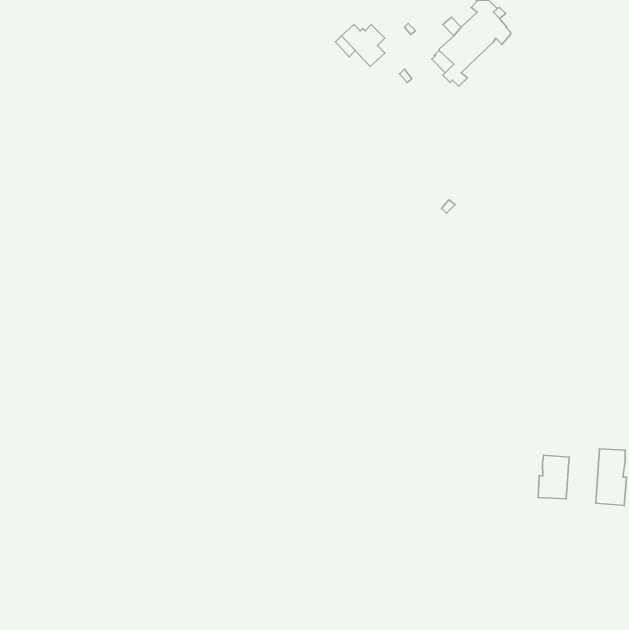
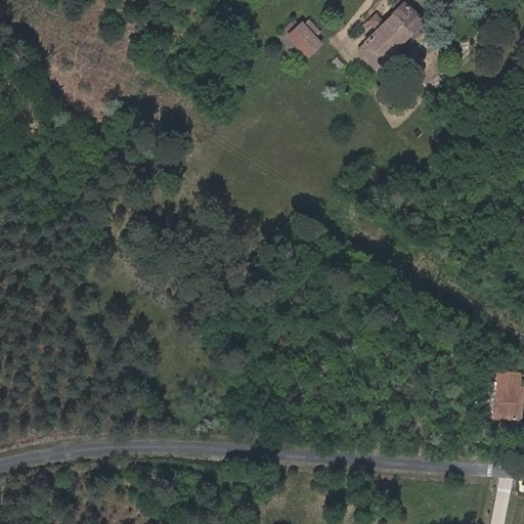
building: [538,455,569,499] -> none

